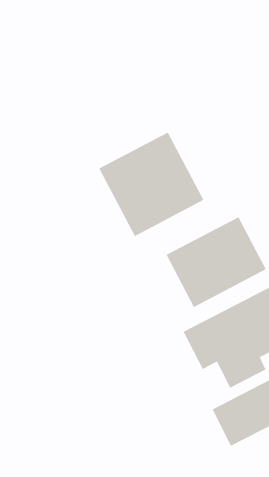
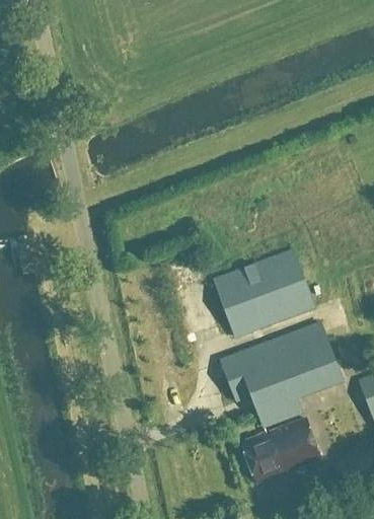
building: [98,132,205,237] -> none

